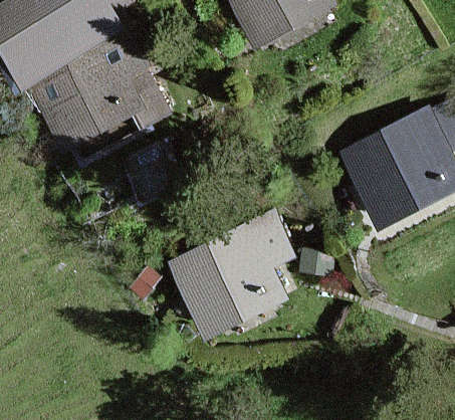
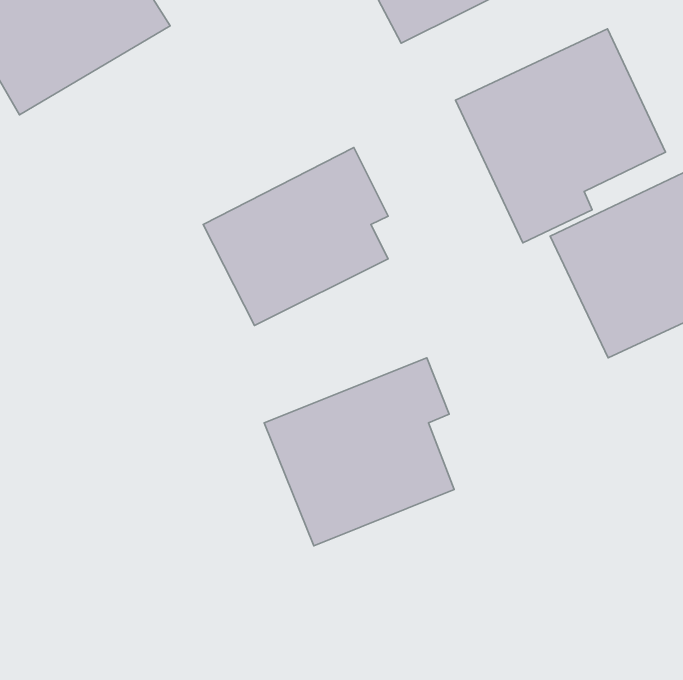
building: none -> [456,29,665,243]
building: [35,41,144,146] -> [203,148,388,326]

